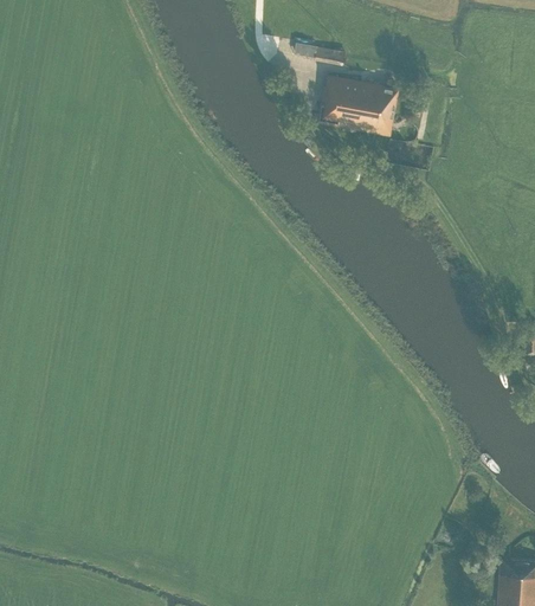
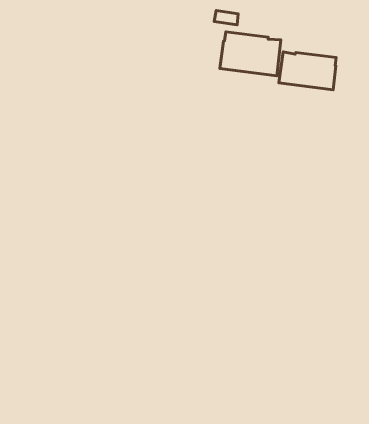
building: none -> [279,52,336,90]

